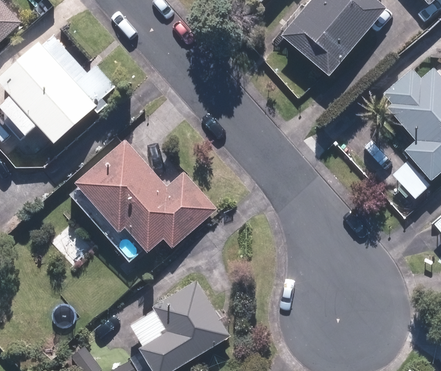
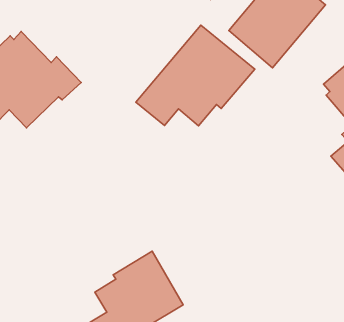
building: none -> [136,25,255,126]
building: [69,137,215,253] -> none

